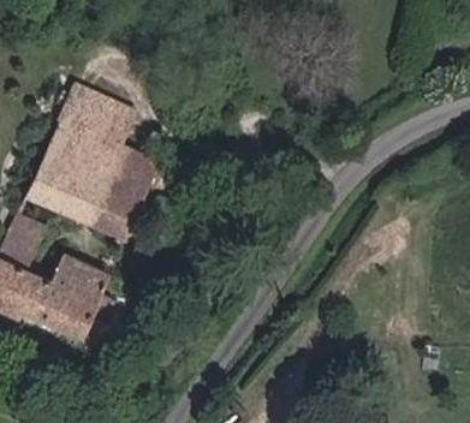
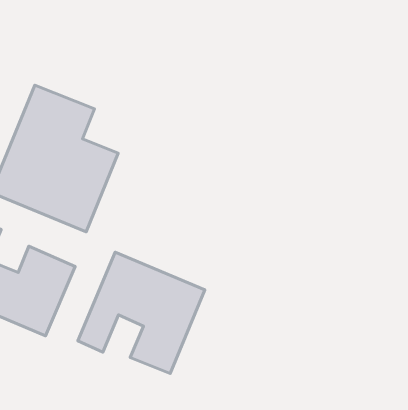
building: none -> [78,252,205,374]

